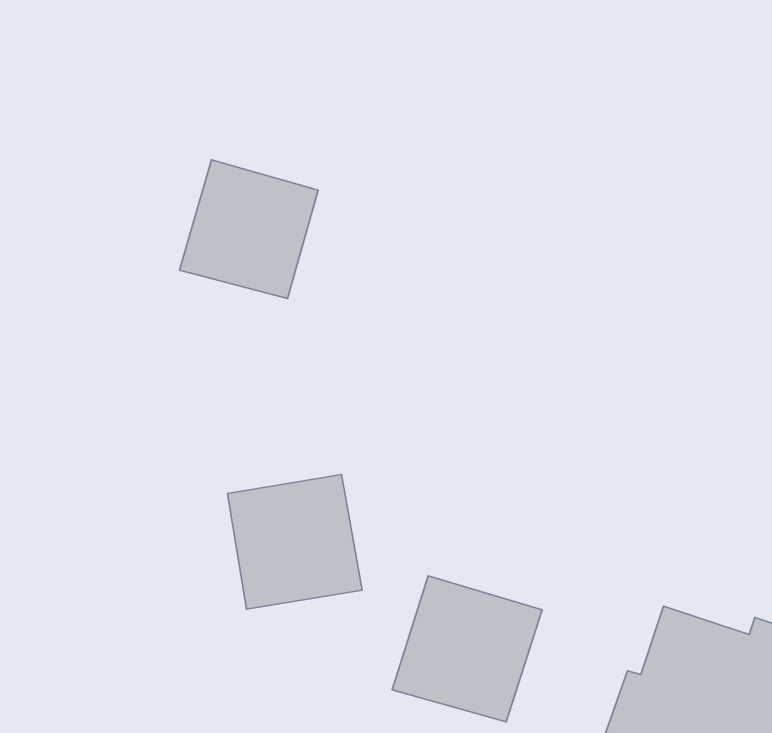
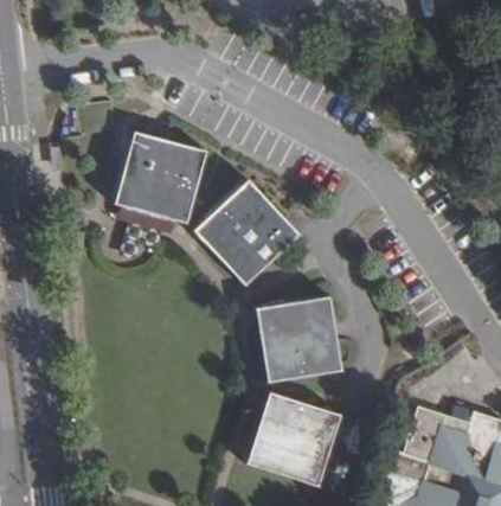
building: none -> [195,180,296,282]
building: [227,474,362,609] -> [259,295,343,379]

